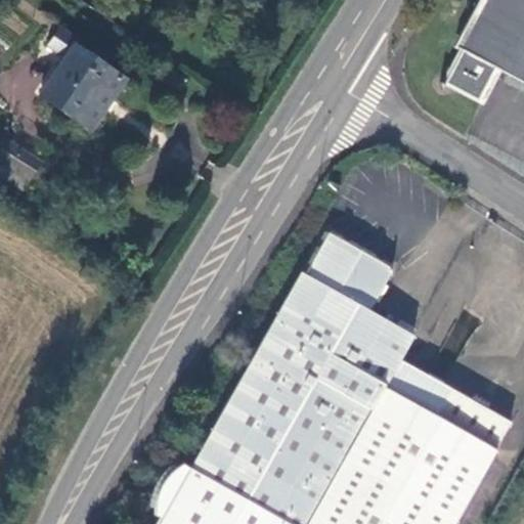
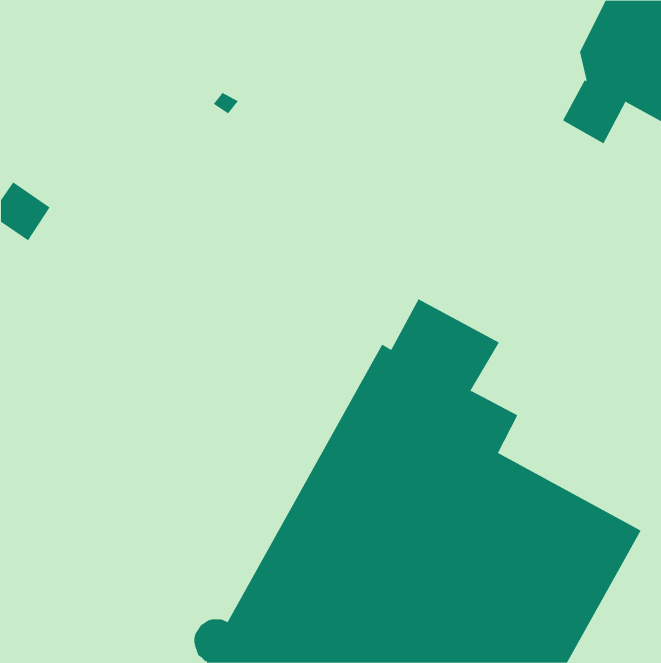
building: [45,47,119,122] -> none

